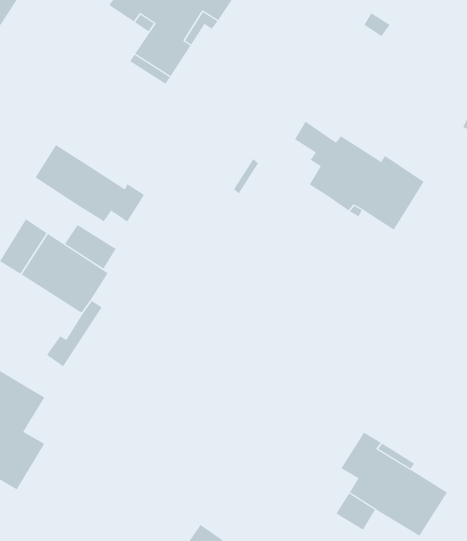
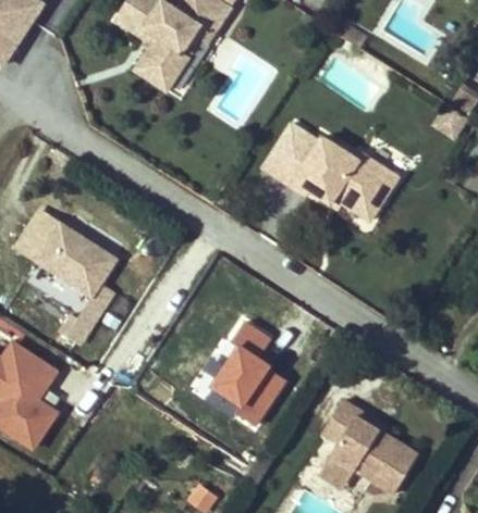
building: none -> [262,139,309,195]
building: [35,144,145,222] -> none
building: [64,224,116,270] -> none
building: none -> [203,322,285,426]

